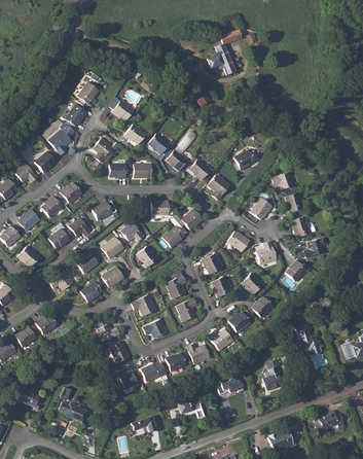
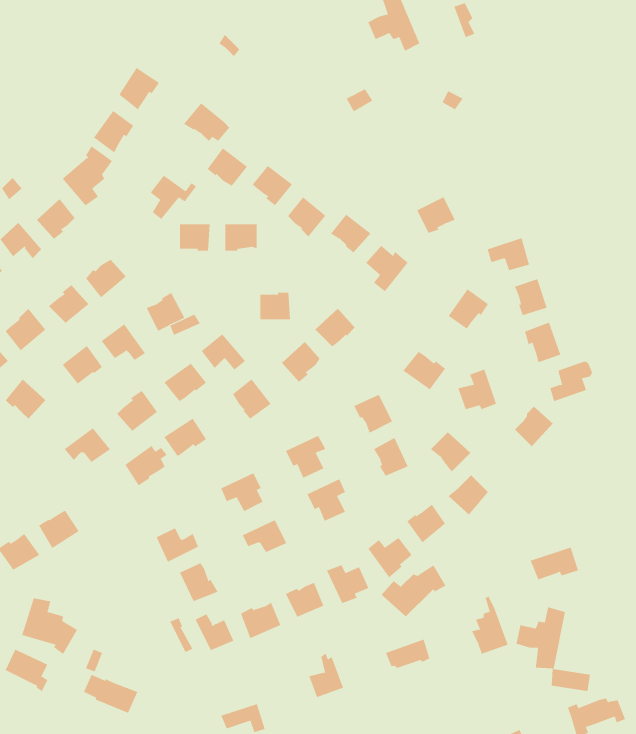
building: none -> [381,565,446,617]
building: none -> [21,598,78,655]
building: none -> [516,606,591,692]

